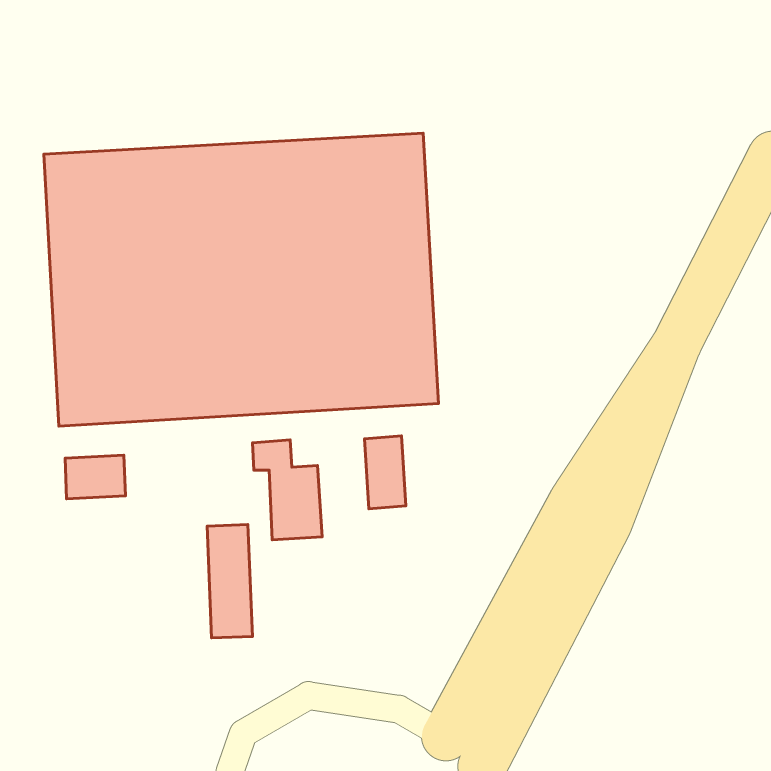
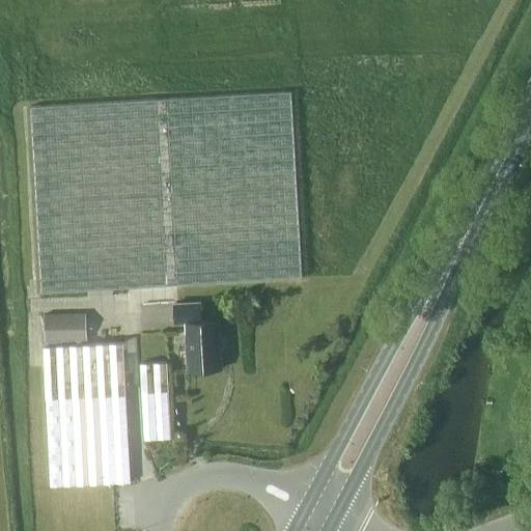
building: [364,436,406,509] -> none
building: none -> [44,342,131,486]

